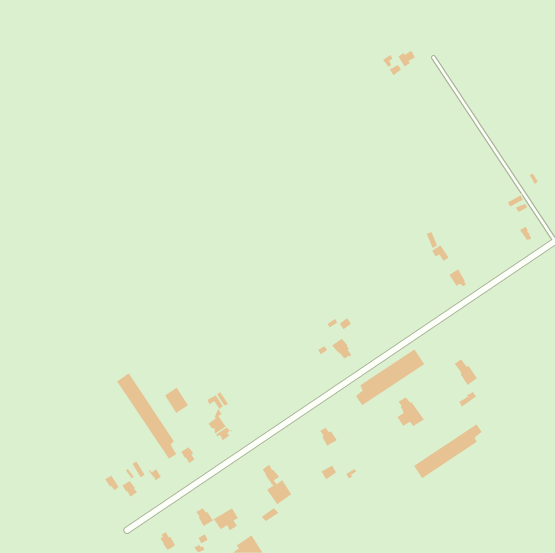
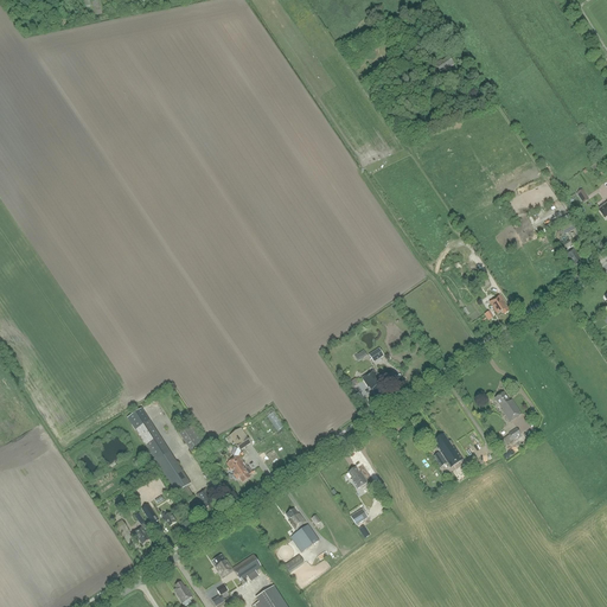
building: [355,348,425,406] -> none
building: [413,423,482,479] -> none

